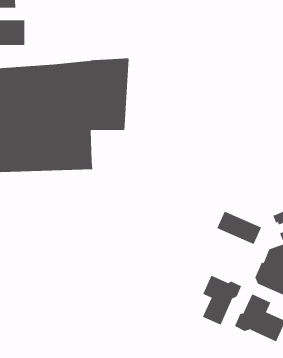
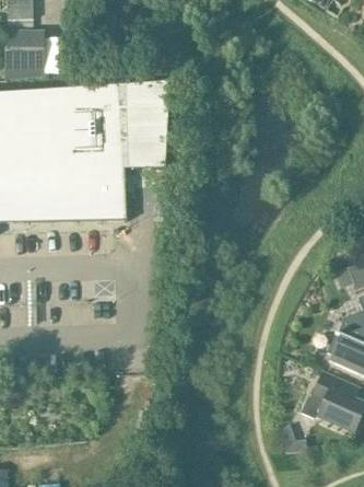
building: [217,211,262,245] -> none
building: [202,275,242,326] -> none

